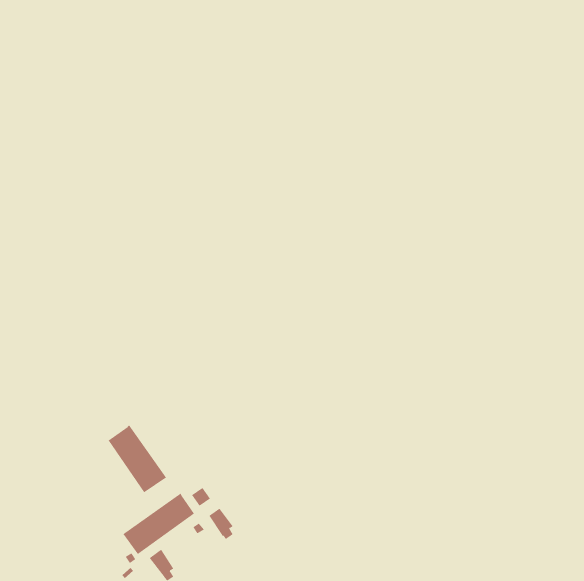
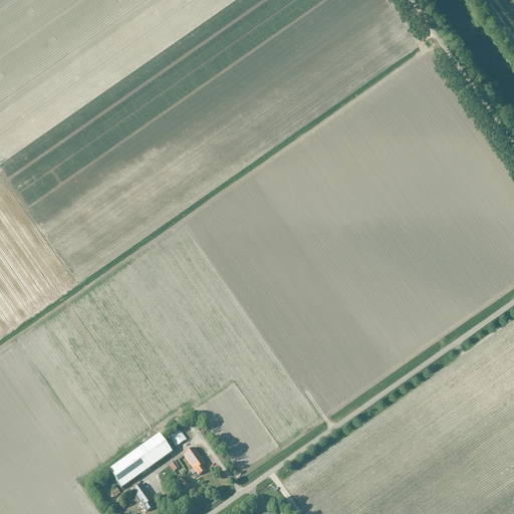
building: [108,425,167,493] -> none

